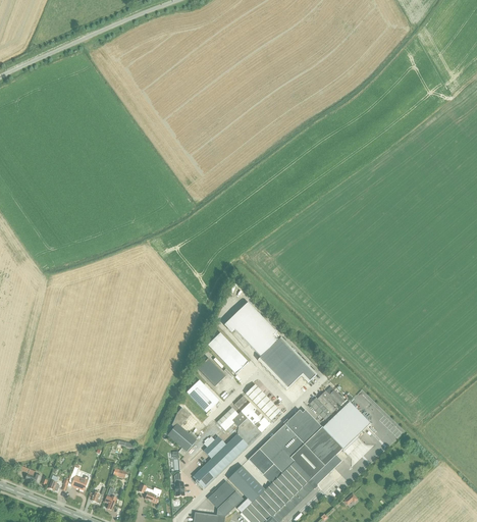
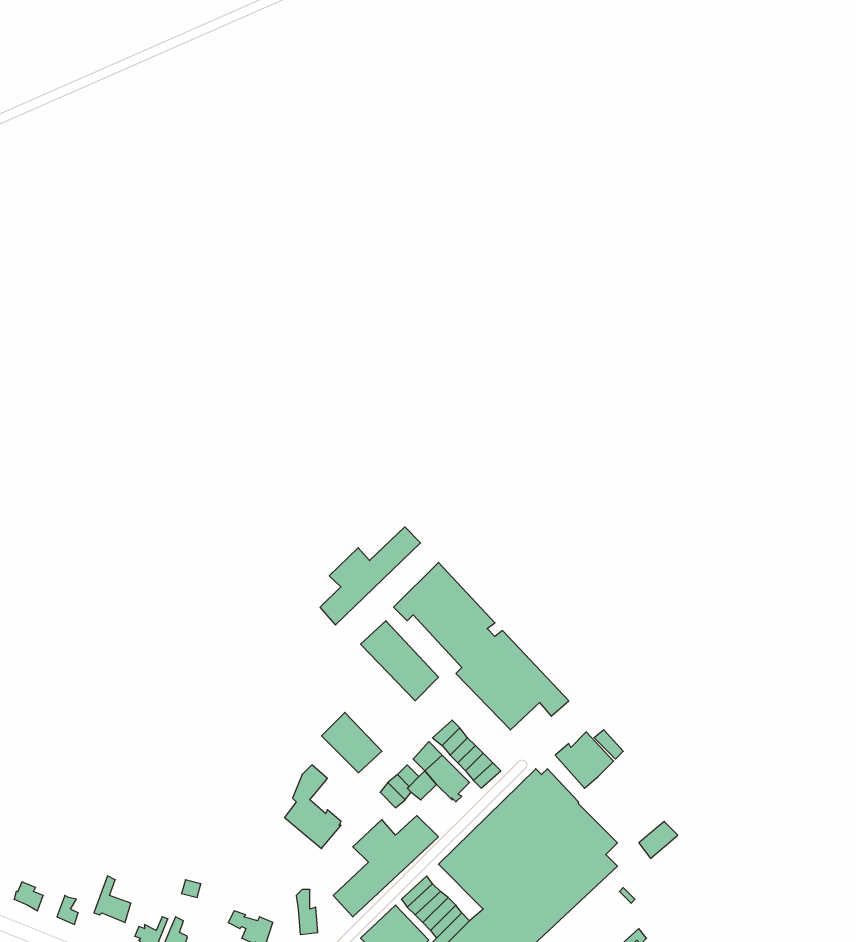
building: none -> [320,527,421,625]
building: [198,357,225,385] -> none
building: [322,401,370,449] -> none

